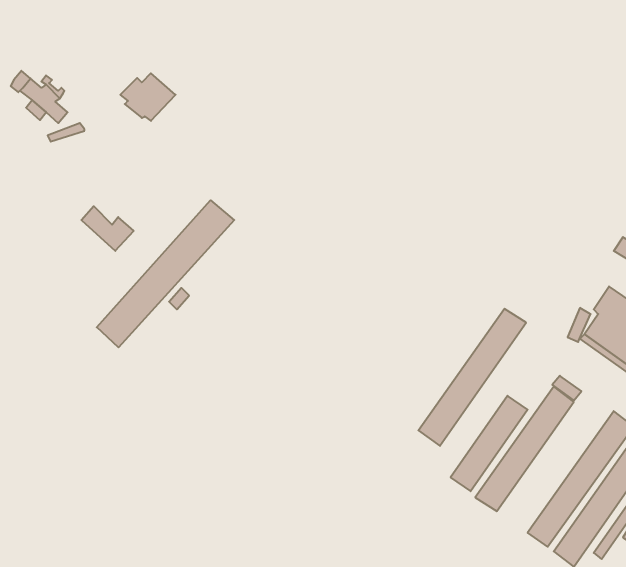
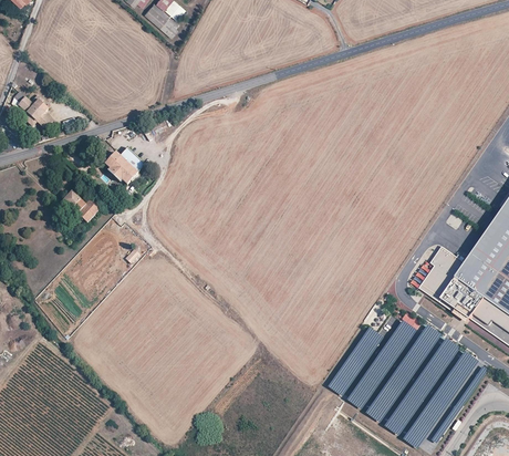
building: [120,73,176,121] -> [105,148,145,183]
building: [97,200,234,347] -> none
building: [418,309,526,446] -> [365,324,443,423]

